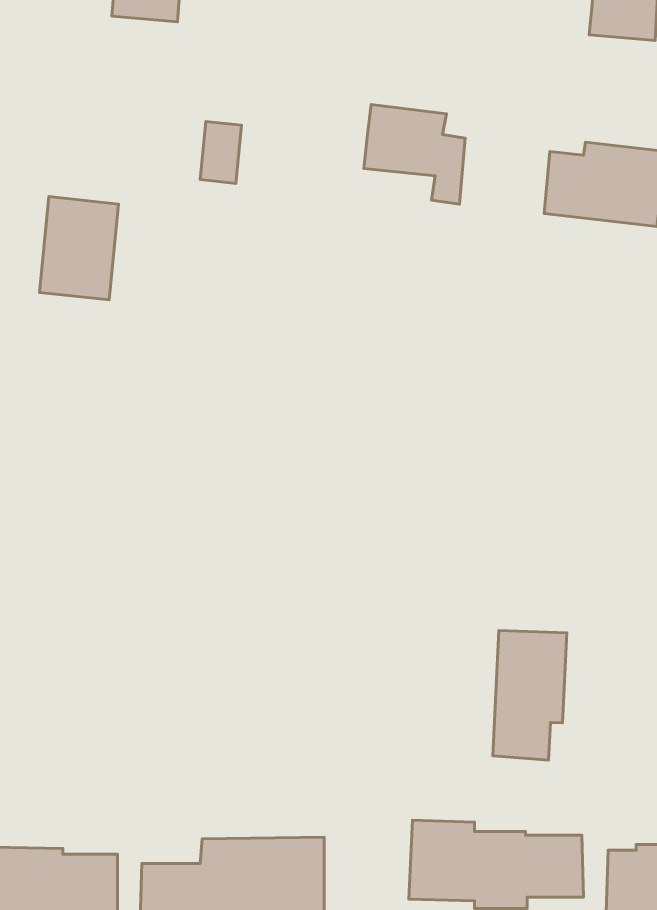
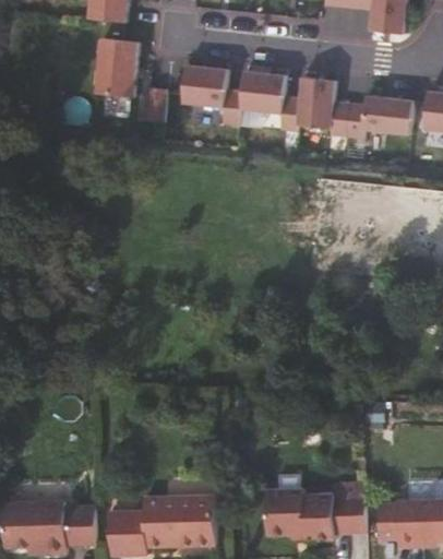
building: none -> [180,63,239,121]
building: none -> [292,78,345,135]
building: [39,197,118,300] -> [95,38,141,98]
building: [493,630,567,760] -> none

